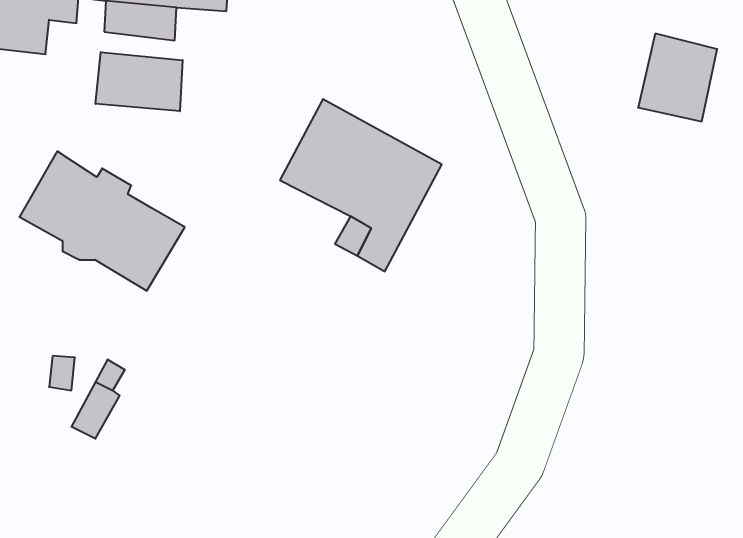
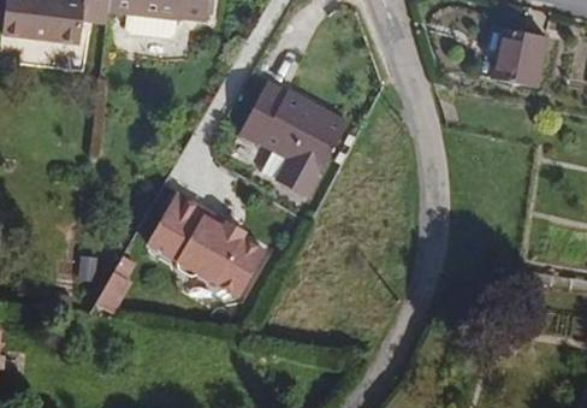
building: [96,52,183,111] -> none
building: [19,151,185,291] -> [149,197,265,295]

